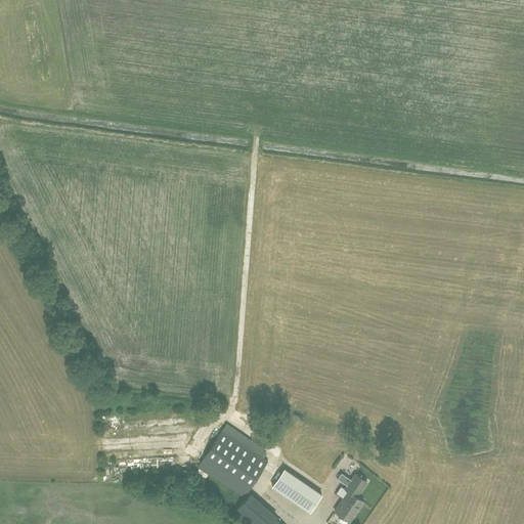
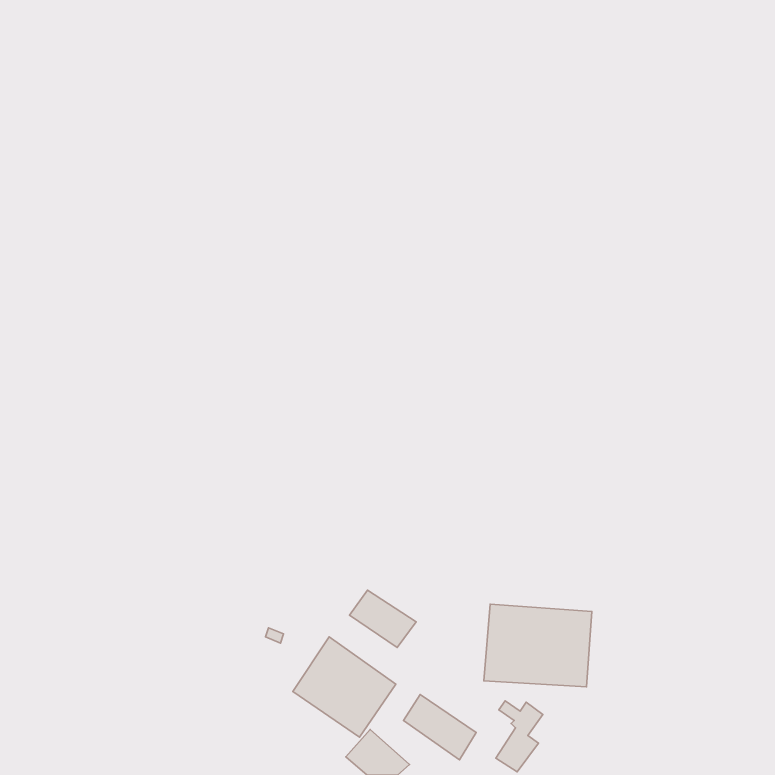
building: none -> [350,590,416,648]
building: none -> [484,604,592,687]

